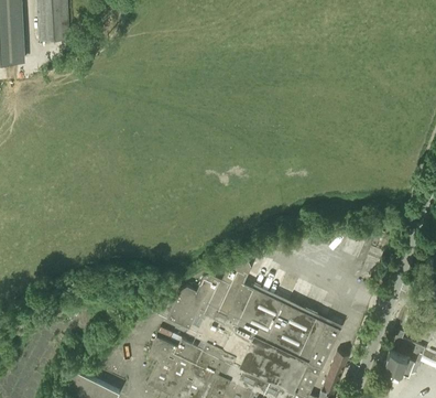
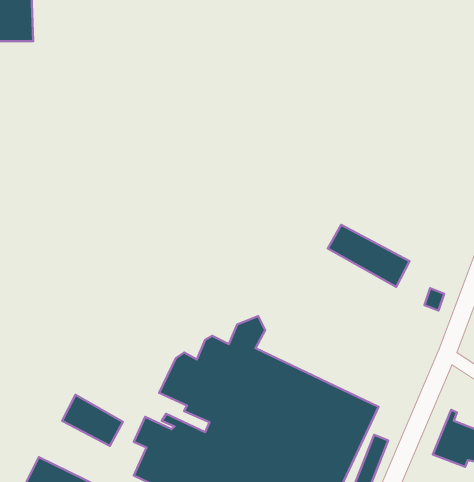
building: none -> [328,225,410,287]
building: none -> [62,395,123,446]

